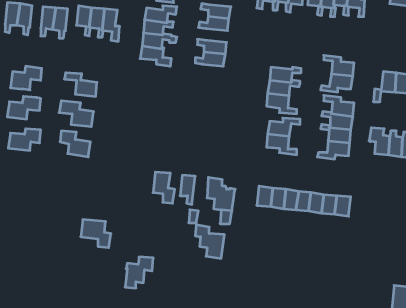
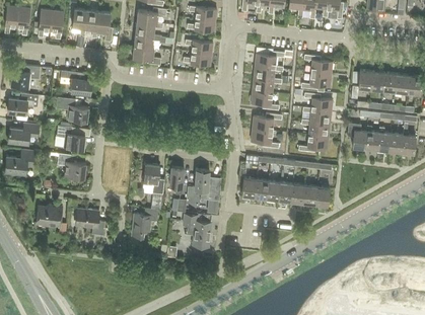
building: none -> [255,49,292,67]
building: none -> [5,149,36,172]
building: none -> [58,152,86,176]
building: none -> [37,205,62,226]
building: [125,257,153,288] -> [132,207,158,236]

